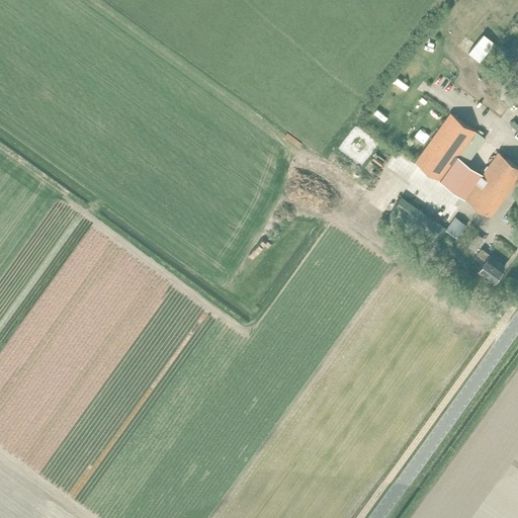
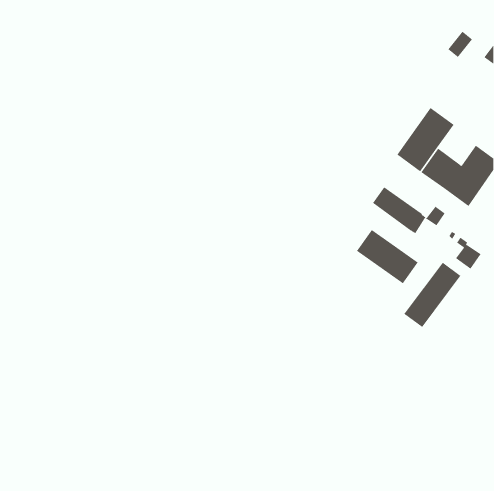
building: none -> [356,229,418,284]
building: none -> [404,262,461,328]

